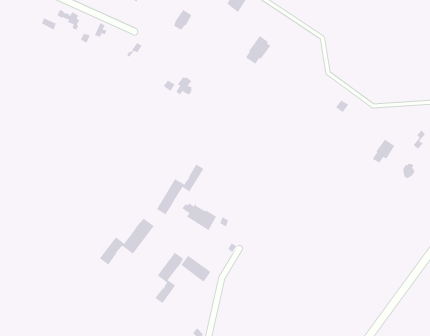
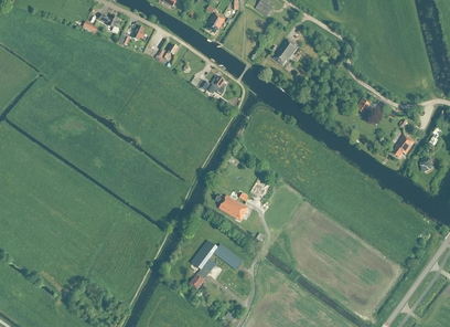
building: [156,163,204,215] -> none
building: [99,218,154,266] -> none

